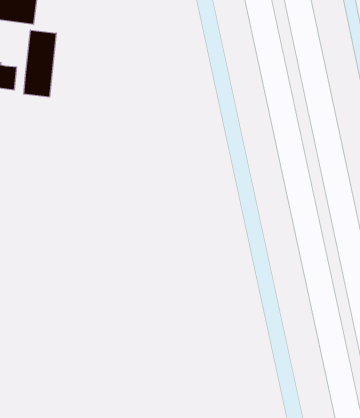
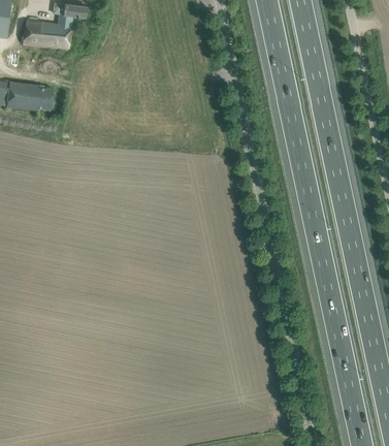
building: [24,30,56,97] -> none

